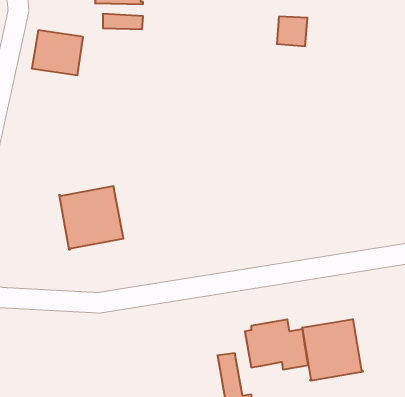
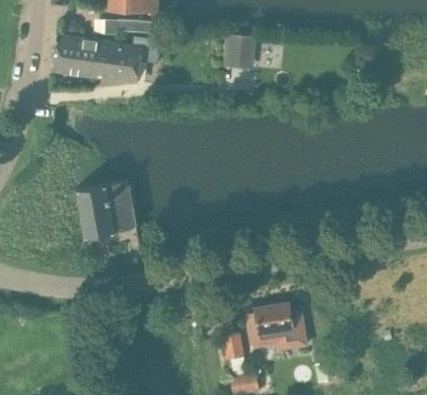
building: [277,17,307,46] -> [227,38,256,66]
building: none -> [93,37,160,84]
building: [302,319,363,381] -> none

